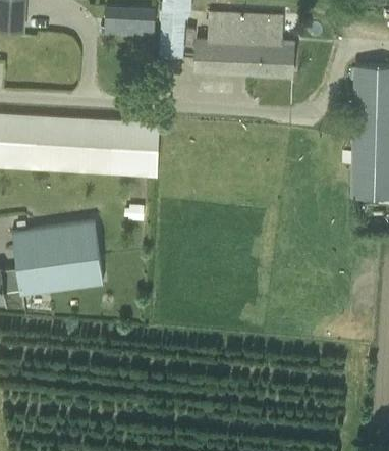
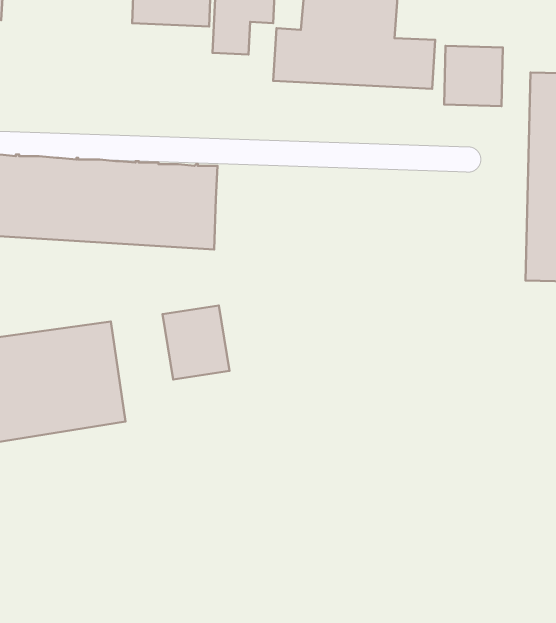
building: none -> [444,46,503,106]
building: none -> [163,305,229,380]

